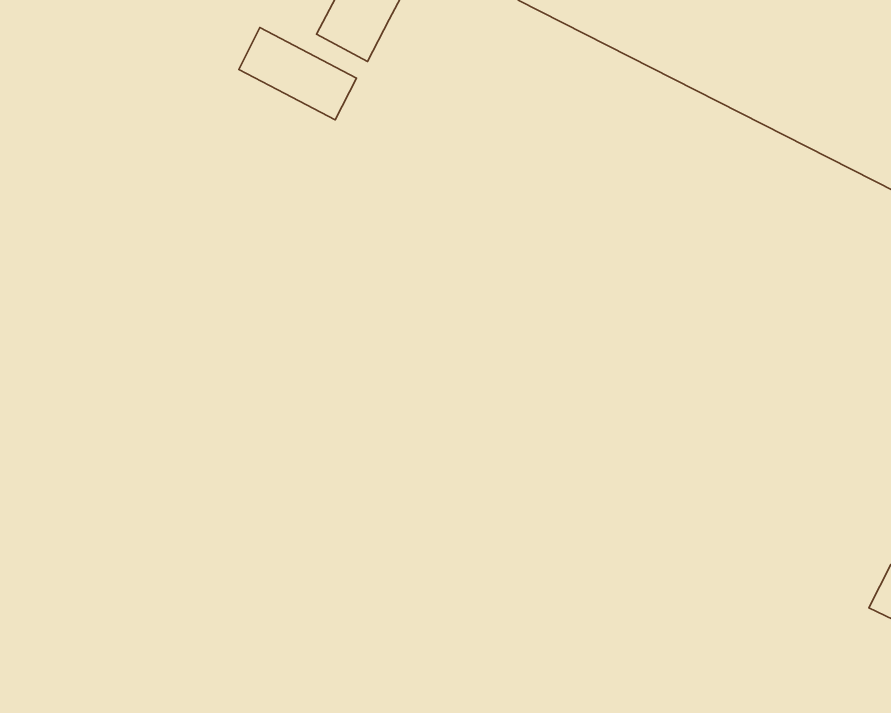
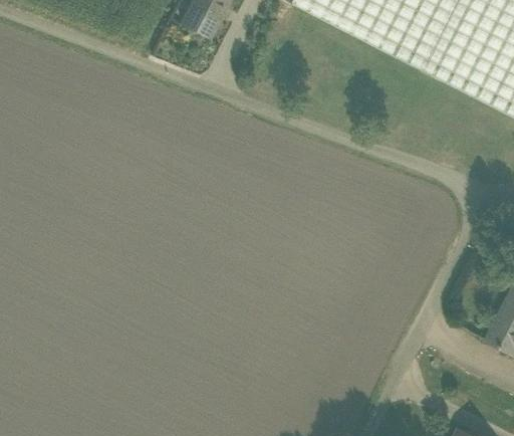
building: [239,28,356,120] -> none

